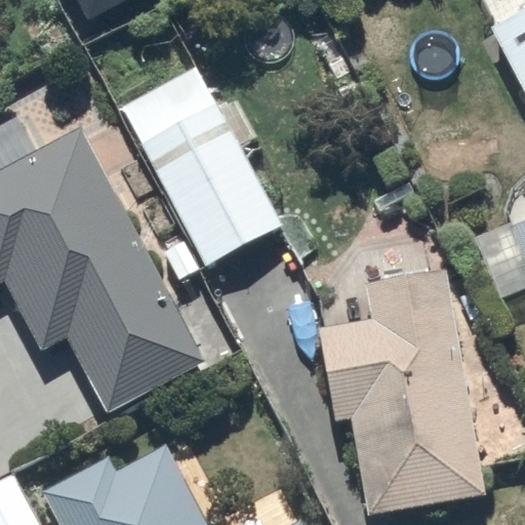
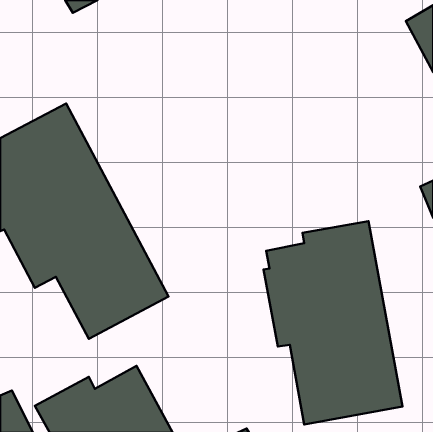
building: [123,66,283,280] -> none

